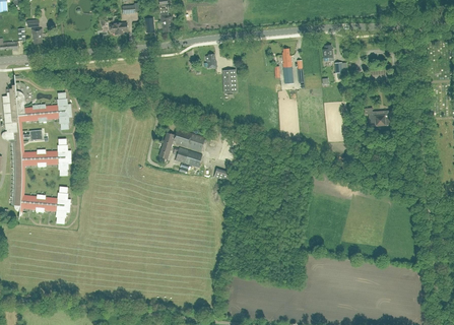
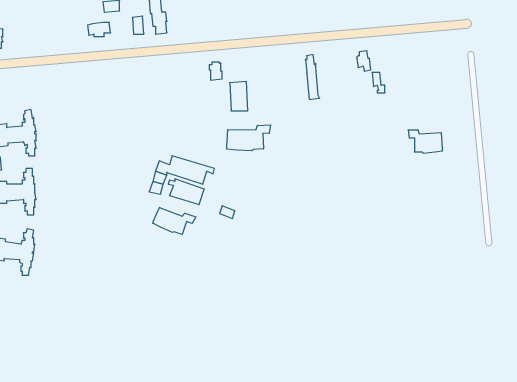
building: none -> [227,125,271,151]
building: none -> [153,207,196,234]

